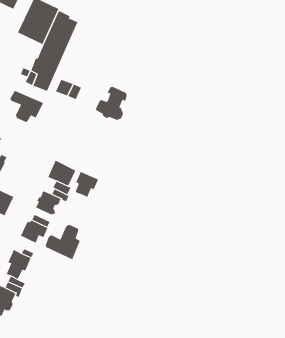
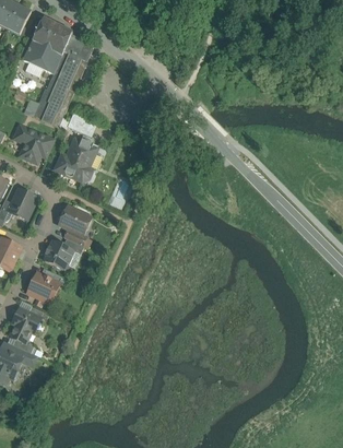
building: [95,86,128,120] -> [57,141,94,180]
building: none -> [9,189,35,219]
building: [75,171,99,198] -> none
building: [45,224,81,260] -> none

